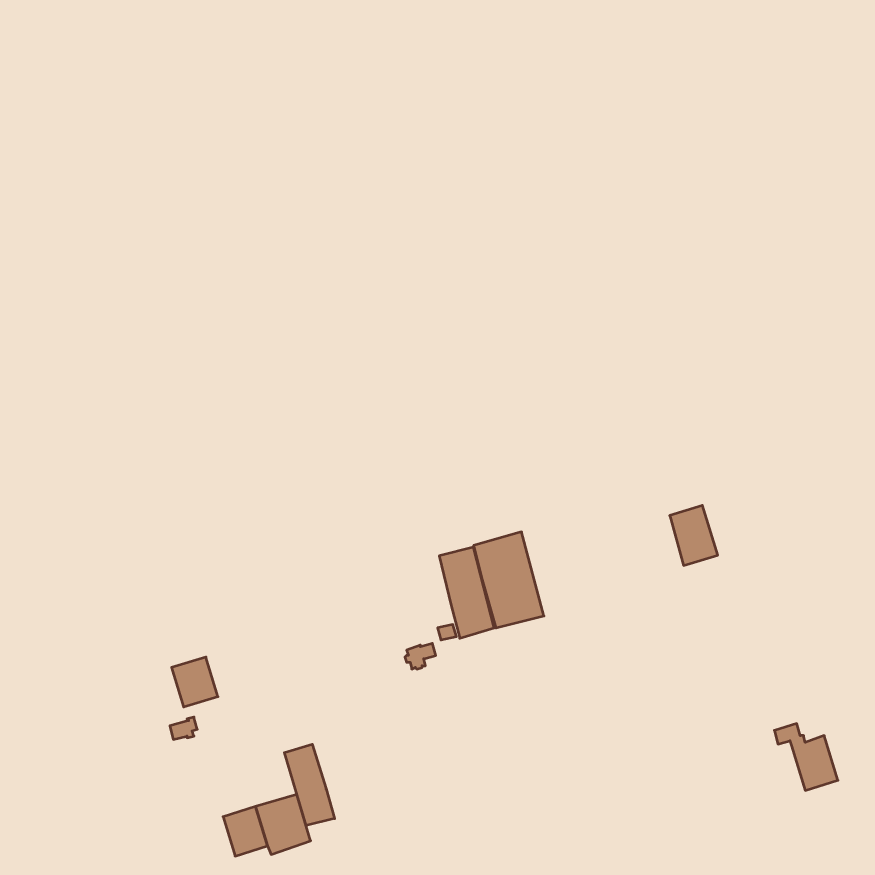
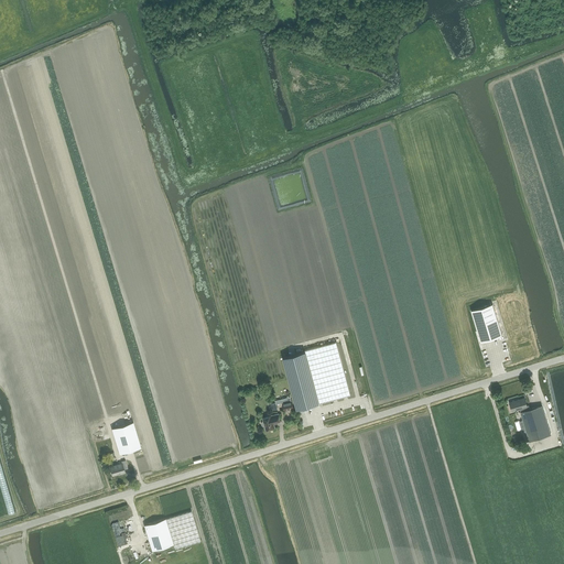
building: [670,505,718,565] -> [470,304,501,343]
building: [774,724,838,790] -> [509,399,550,442]
building: [284,744,335,826] -> none

